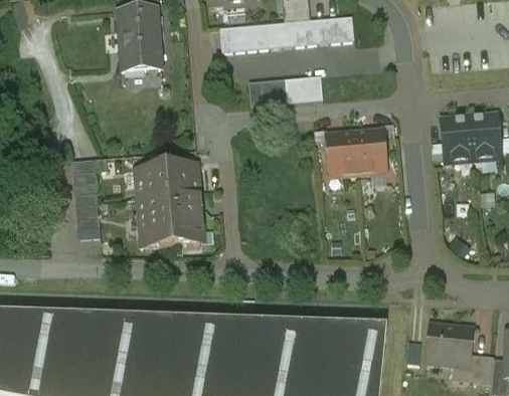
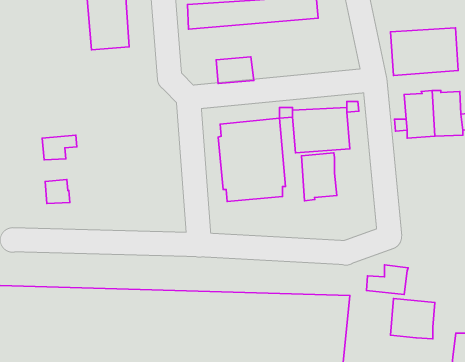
building: none -> [390,28,458,76]
building: [285,76,323,104] -> none
building: [136,163,204,247] -> [218,118,286,201]
building: none -> [301,153,337,201]
building: [452,354,494,384] -> [367,265,408,295]

